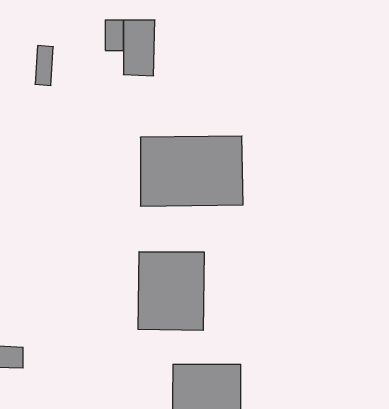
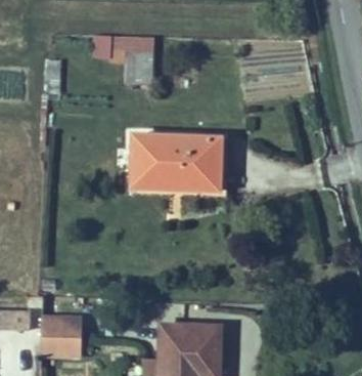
building: [138,252,204,330] -> none
building: none -> [45,320,84,358]

